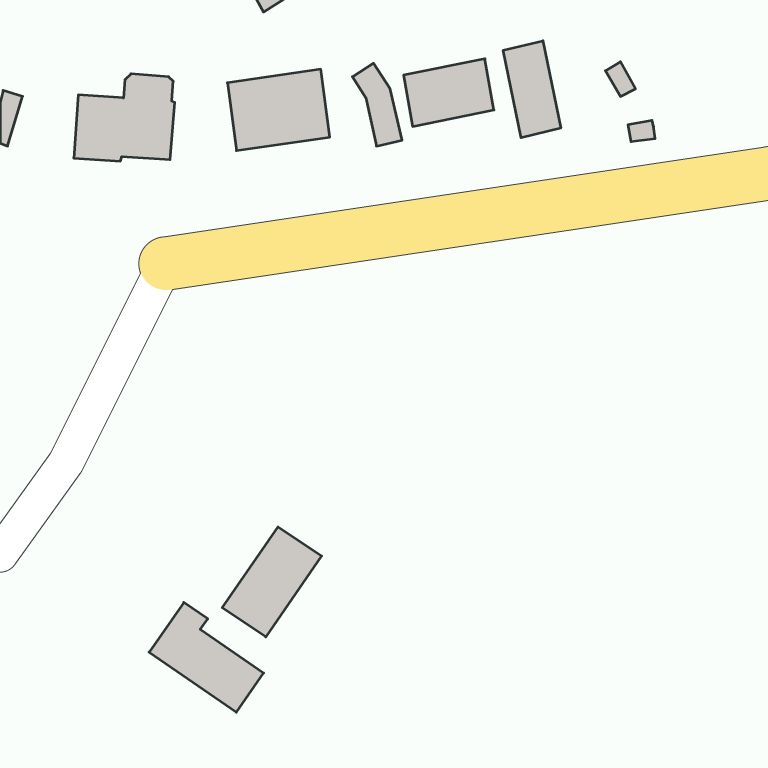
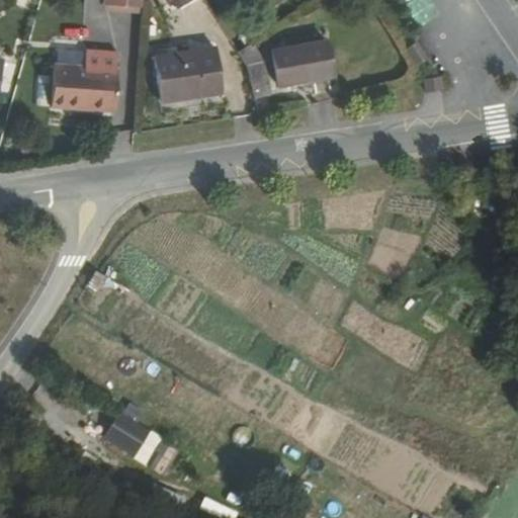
building: [503,41,561,138] -> none
building: [222,527,322,637] -> none

